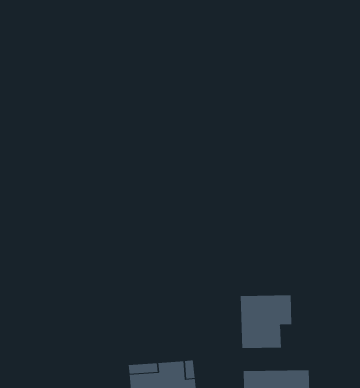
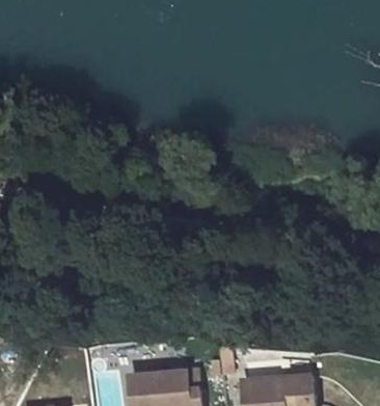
building: [240,294,292,349] -> none

